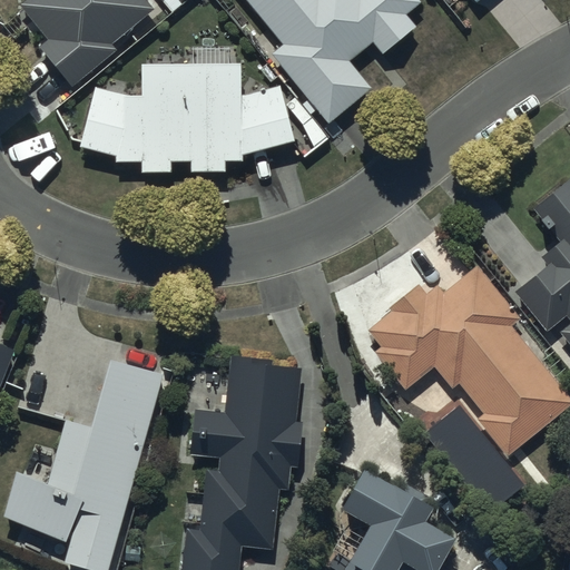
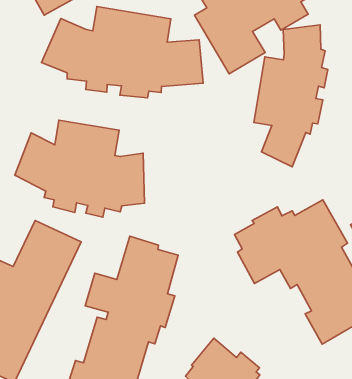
building: none -> [254,25,328,167]
building: none -> [15,120,145,217]

